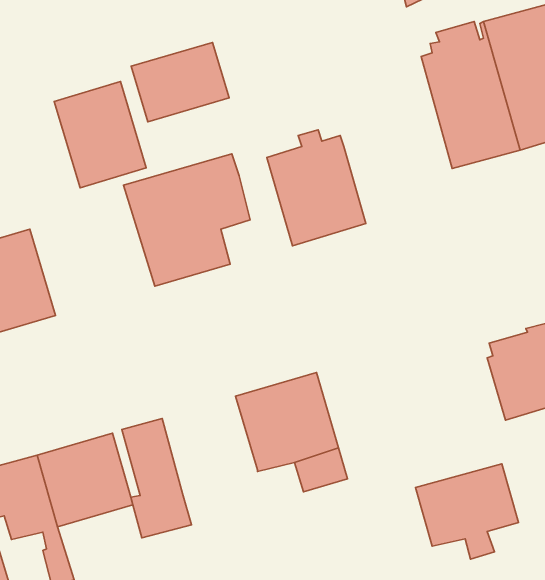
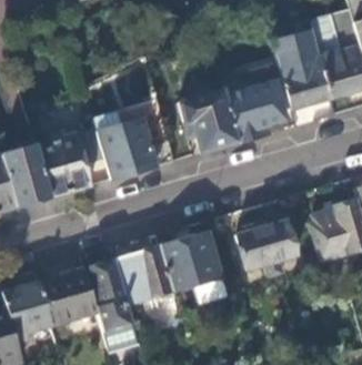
building: [131,42,229,122] -> none
building: [54,81,146,188] -> [34,132,90,196]
building: none -> [224,62,284,141]
building: none -> [114,245,172,304]
building: [416,464,518,559] -> [237,219,299,276]

